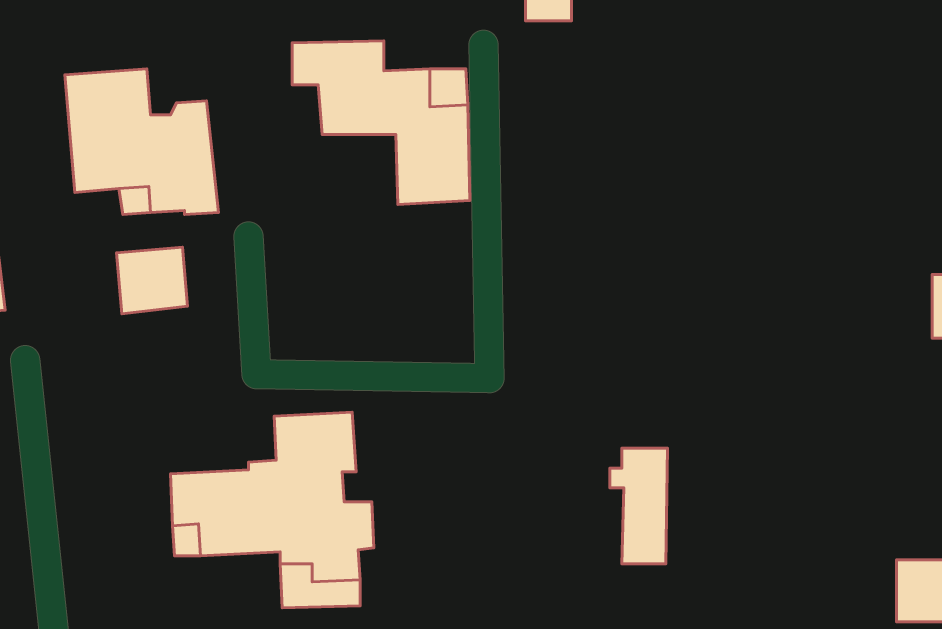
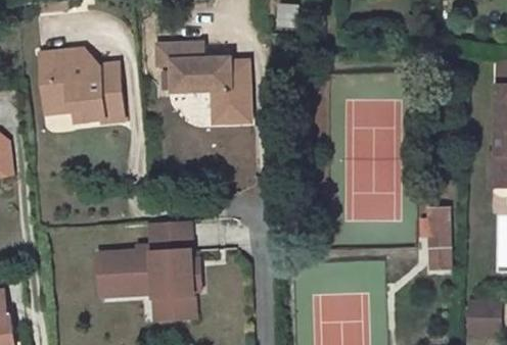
building: [117,247,188,314] -> none
building: [610,448,668,564] -> [423,207,453,266]

